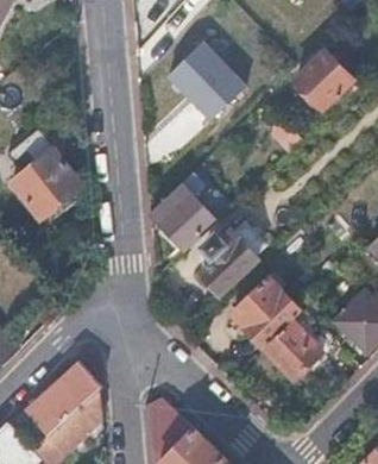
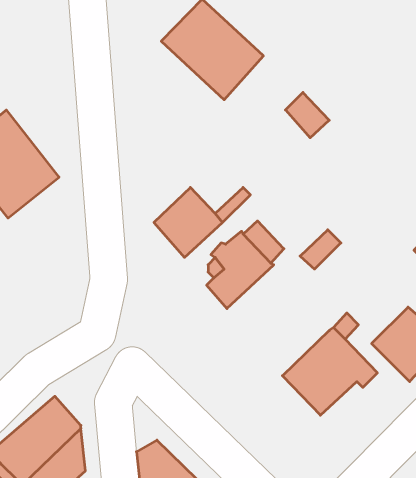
building: [294,49,352,108] -> none
building: [231,276,301,346] -> none

